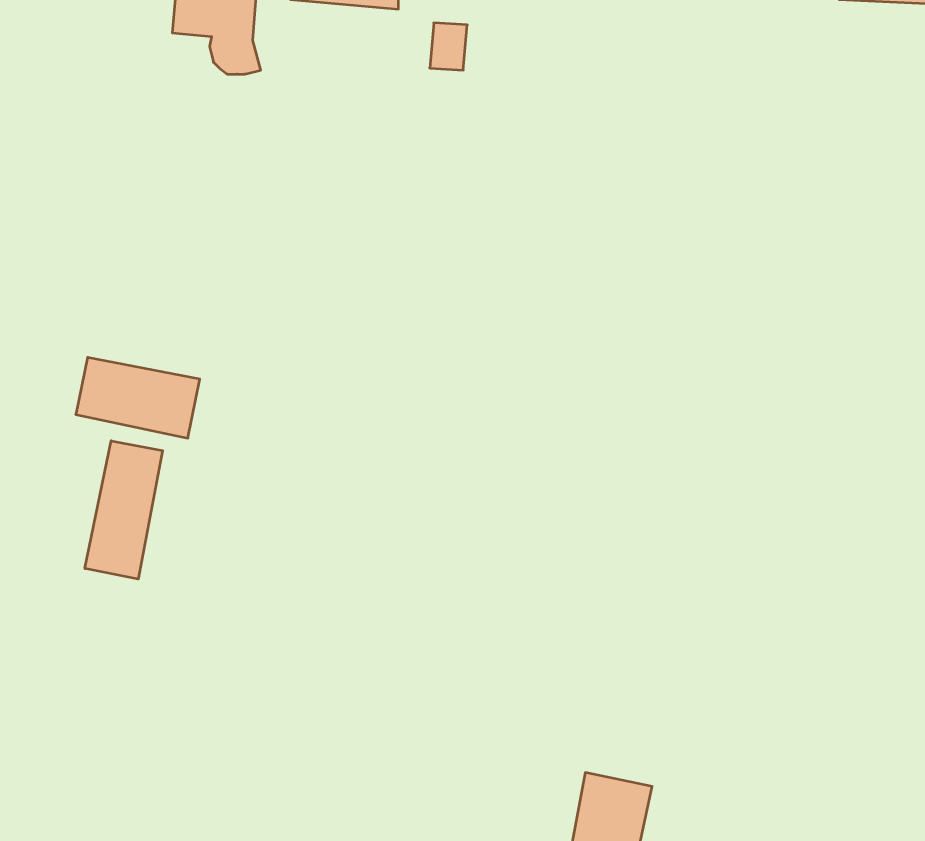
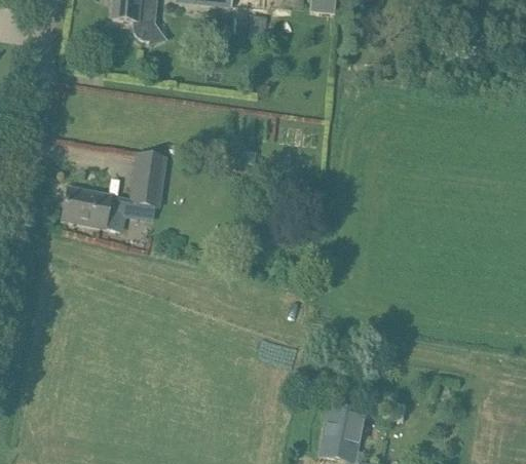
building: none -> [130,153,166,207]
building: [85,441,163,579] -> none

